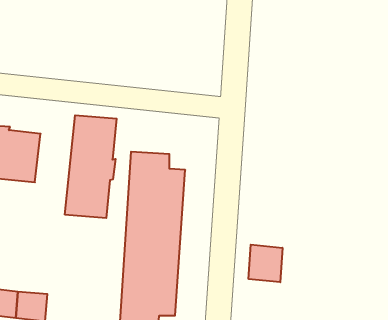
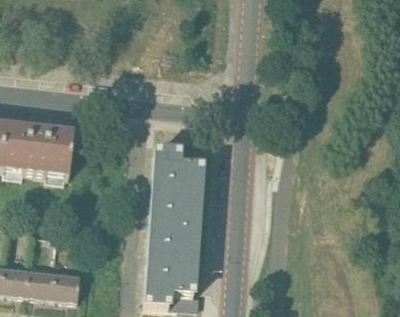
building: [65,115,117,218] -> none
building: [249,245,282,282] -> none

